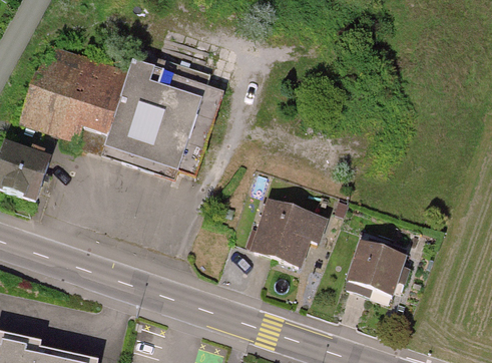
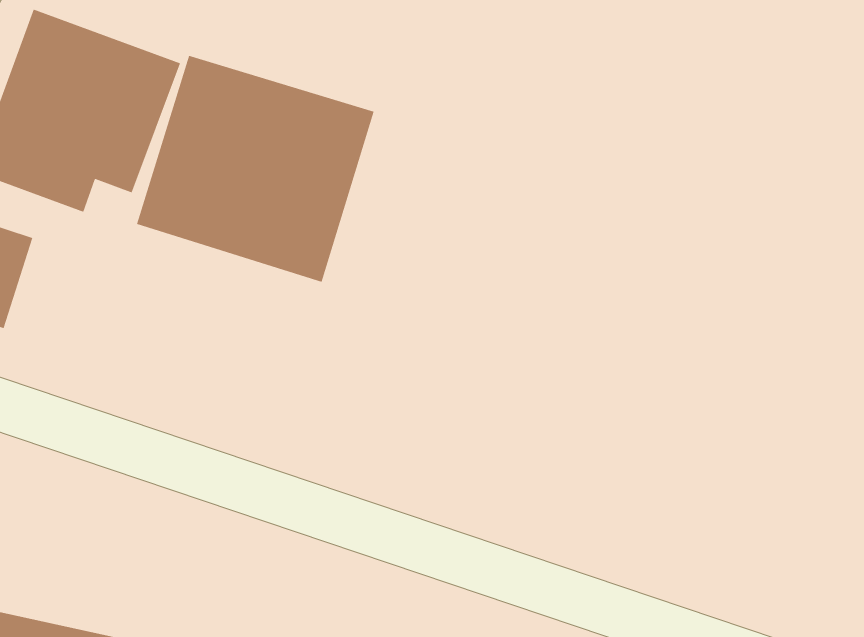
building: [250,197,329,265] -> none
building: [342,240,405,299] -> none

